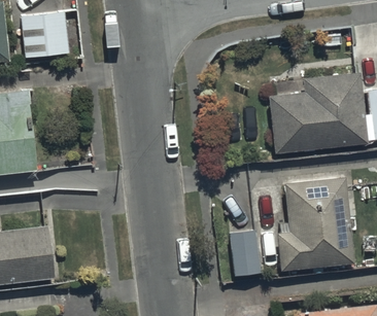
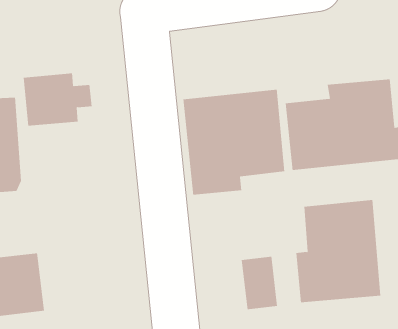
building: [20,12,81,60] -> [23,73,92,126]
building: none -> [183,89,285,195]

